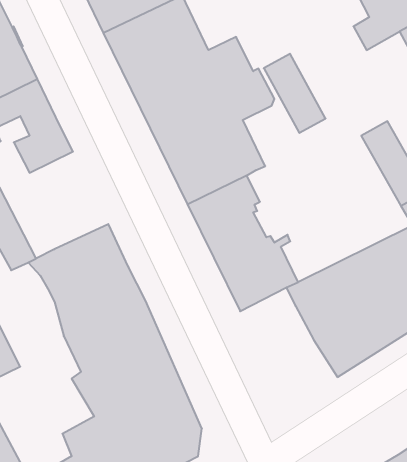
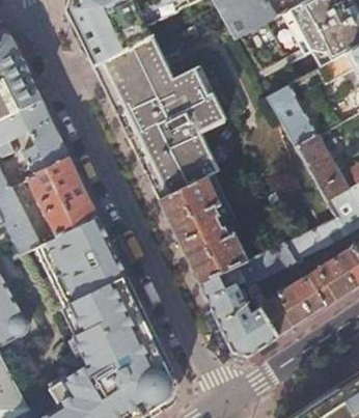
building: [264,54,326,133] -> [269,84,317,146]
building: none -> [27,159,98,235]
building: none -> [201,266,278,355]

